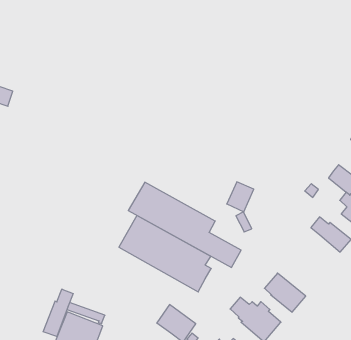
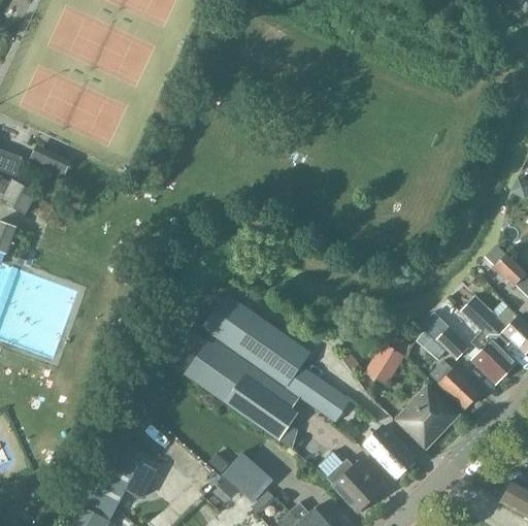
building: [227,182,254,212] -> [367,347,403,386]
building: none -> [416,328,469,361]
building: none -> [395,385,460,451]
building: [43,289,73,337] -> none

